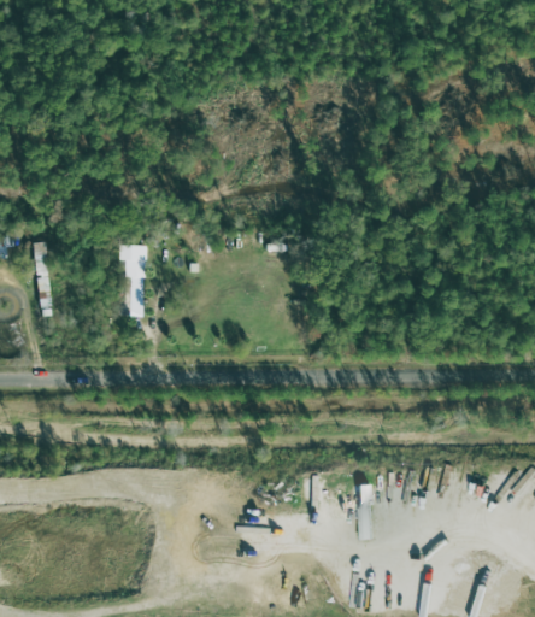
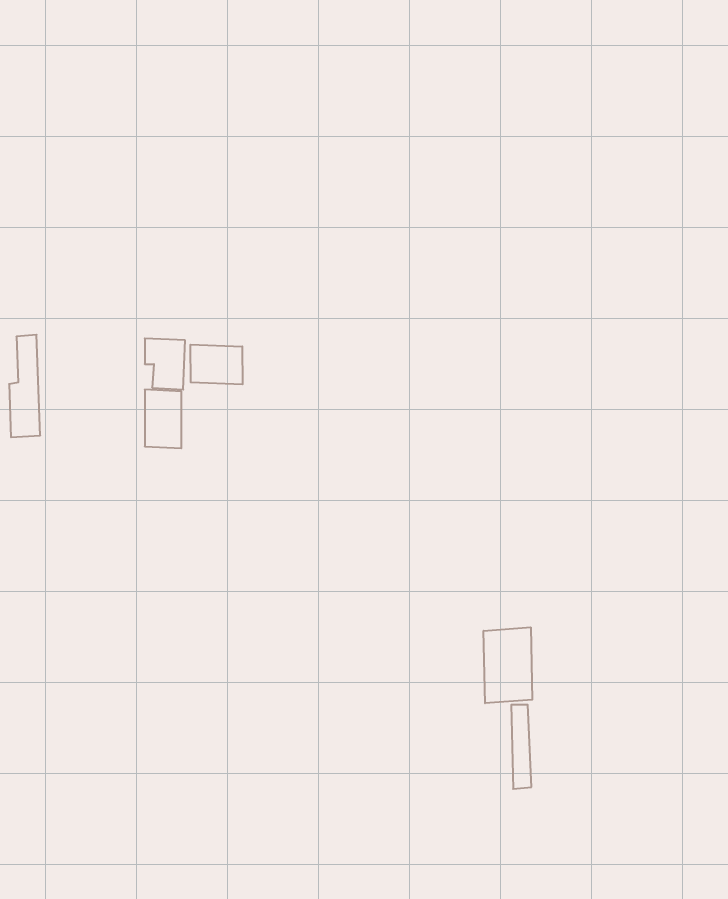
building: none -> [190,345,243,384]
building: none -> [484,627,532,703]

